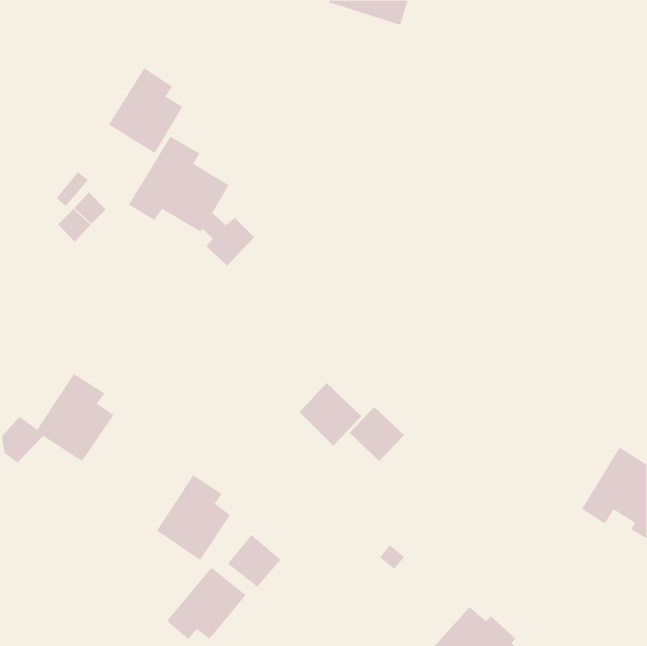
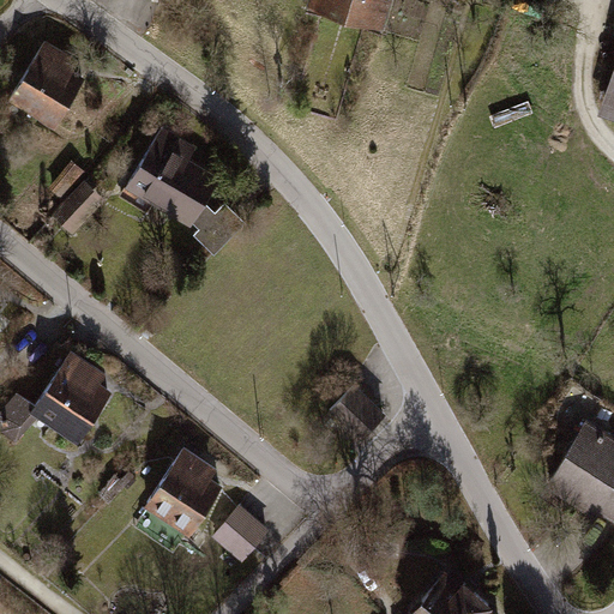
building: [108,67,183,154] -> [11,44,82,126]
building: [299,382,362,446] -> none
building: [166,567,246,640] -> none

